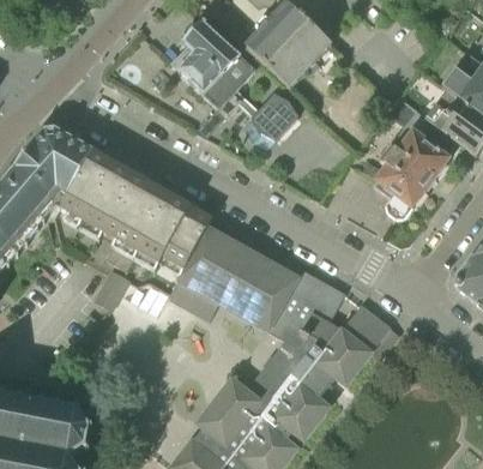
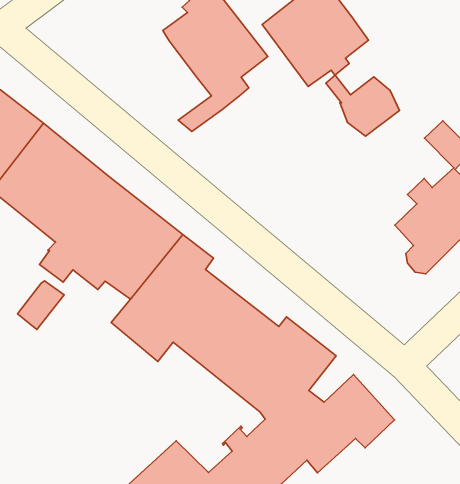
building: [239,92,298,139] -> [326,75,399,136]

